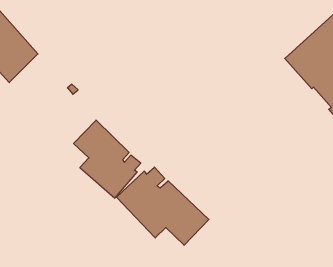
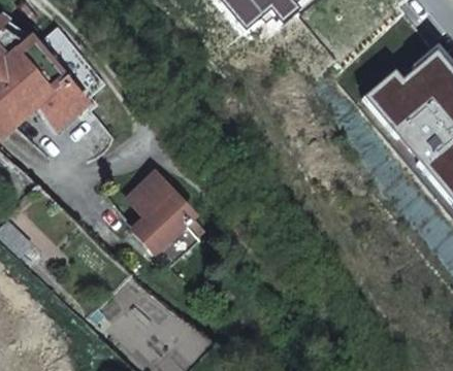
building: [116,167,209,245] -> none

